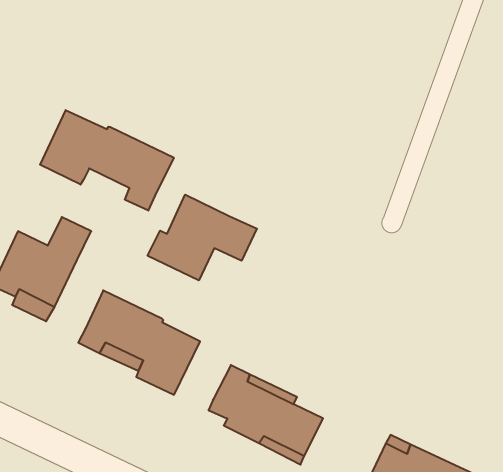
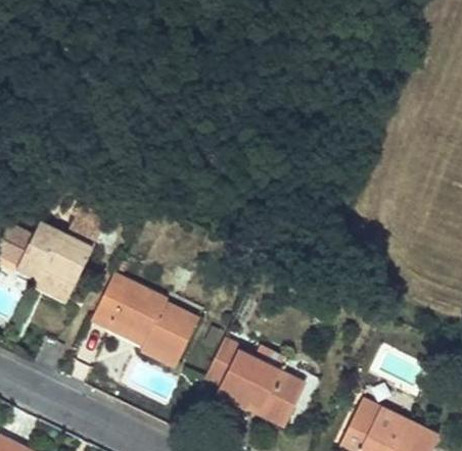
building: [40,110,174,211] -> none
building: [148,195,257,280] -> none

